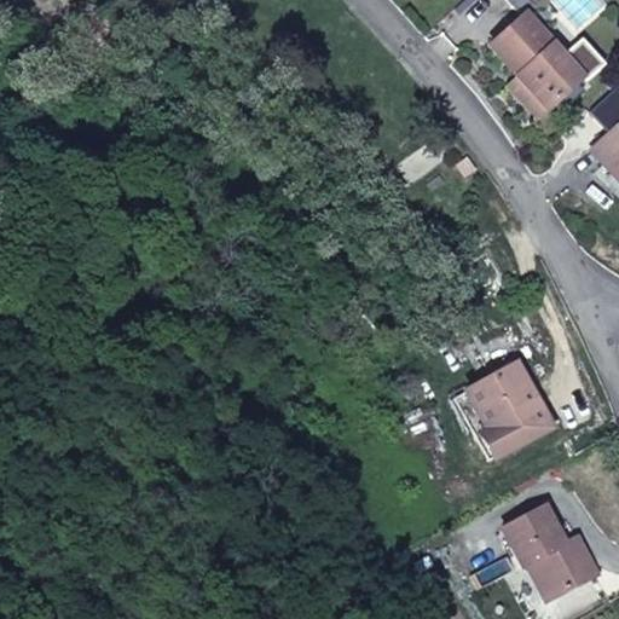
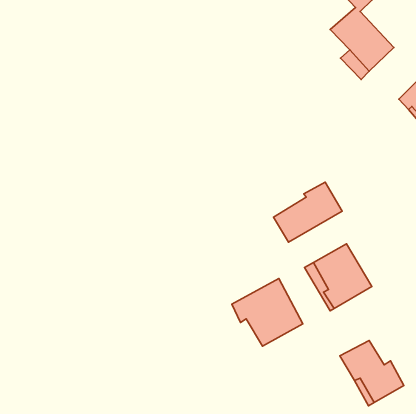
building: none -> [274,182,342,242]
building: none -> [232,279,303,346]

